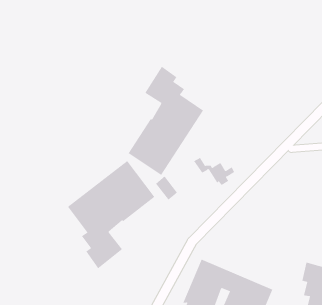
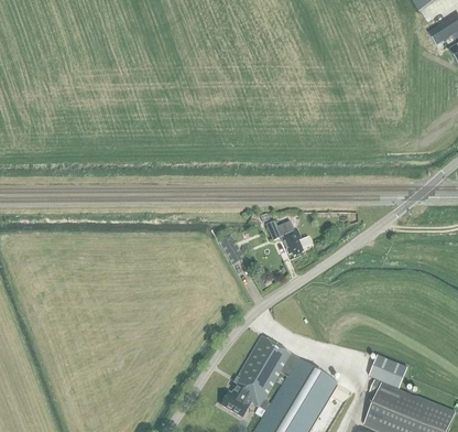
building: [128,66,204,176] -> none
building: [67,160,155,269] -> none

